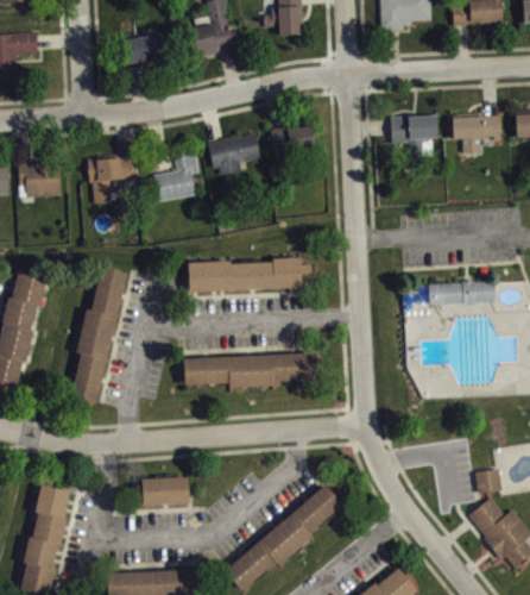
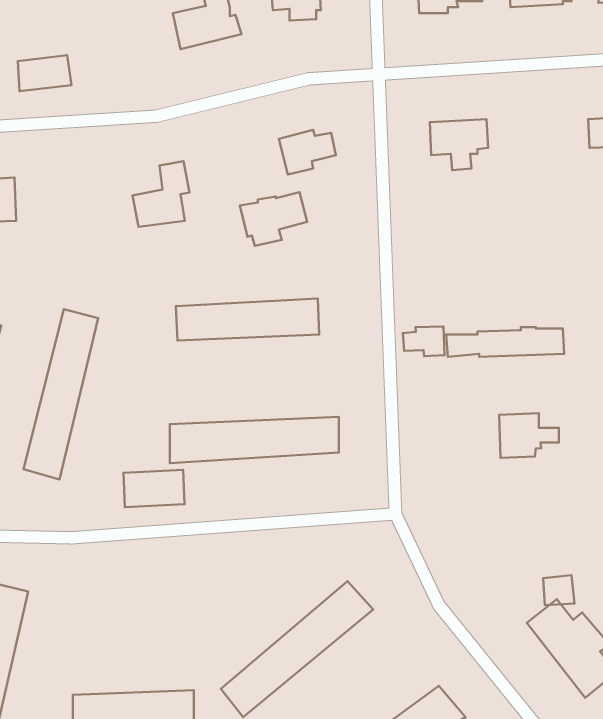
building: [122,36,165,64] -> [18,55,72,91]
building: [452,114,501,154] -> none
building: [208,133,261,176] -> [240,192,307,246]
building: [87,157,137,203] -> none
building: none -> [403,327,445,356]
building: none -> [499,413,559,458]
building: [140,476,189,506] -> [123,470,185,507]

